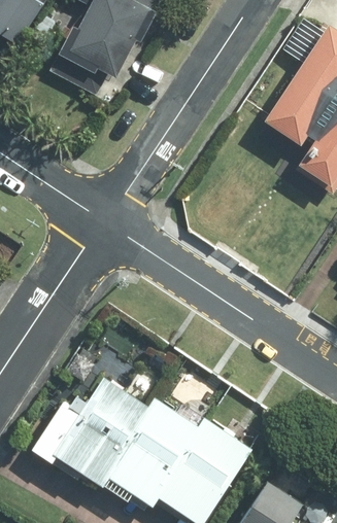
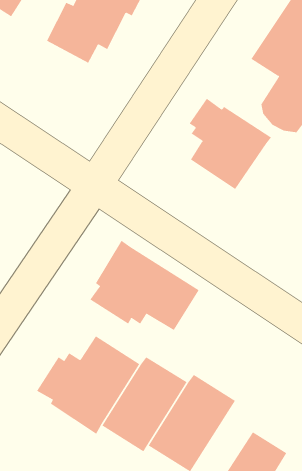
building: none -> [189,98,272,190]
building: none -> [89,240,199,331]

